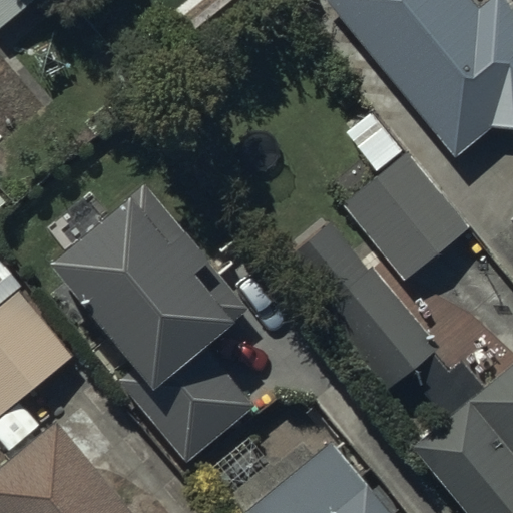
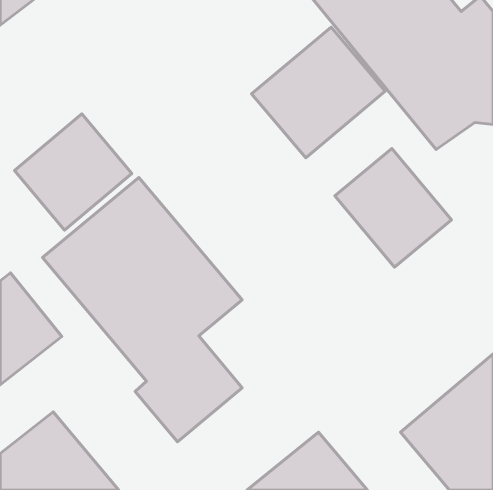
building: none -> [252,27,385,158]
building: none -> [15,114,132,230]
building: [282,224,437,393] -> none

